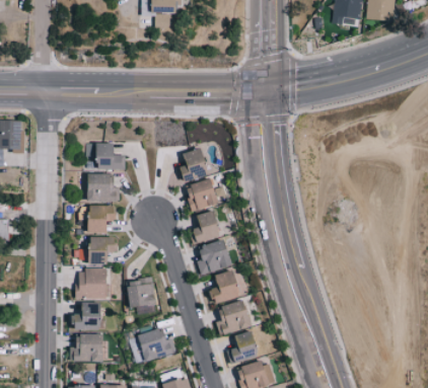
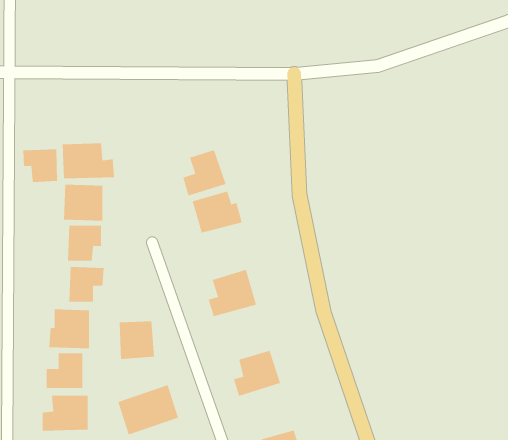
building: none -> [23,149,58,183]
building: [195,210,223,241] -> none
building: [211,269,242,303] -> none
building: [227,330,261,364] -> none

